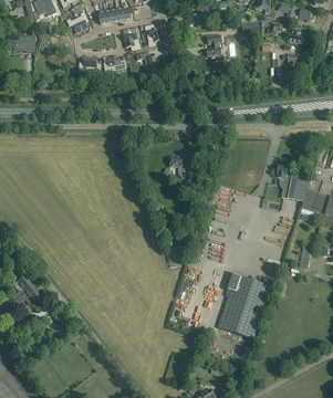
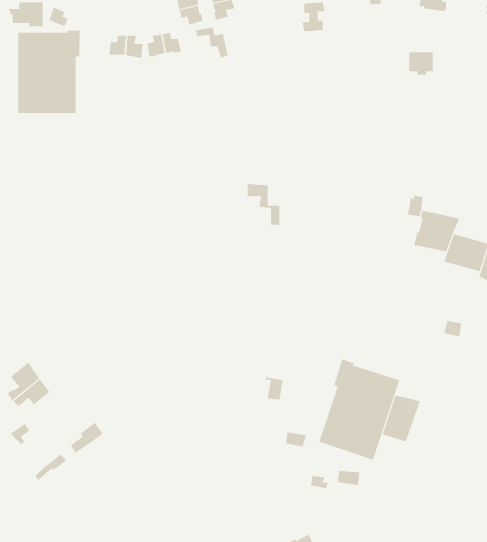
building: none -> [18,30,80,114]
building: none -> [382,395,420,442]

